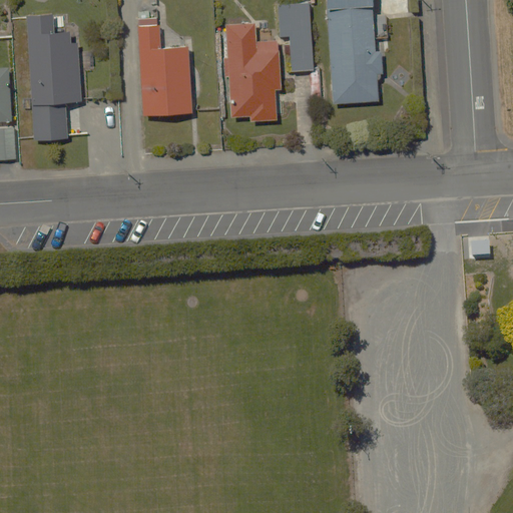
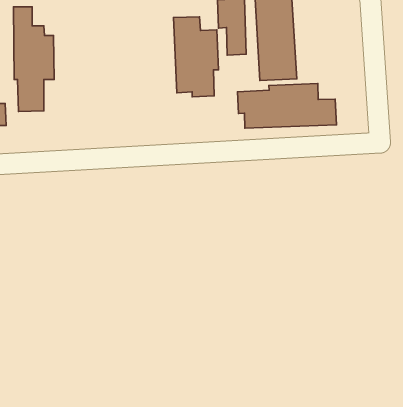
building: [137,23,193,114] -> none
building: none -> [237,83,336,128]

